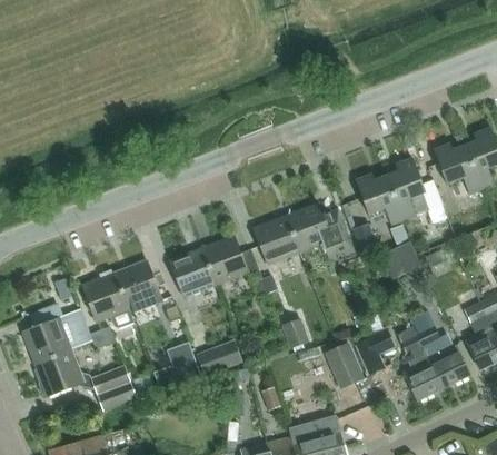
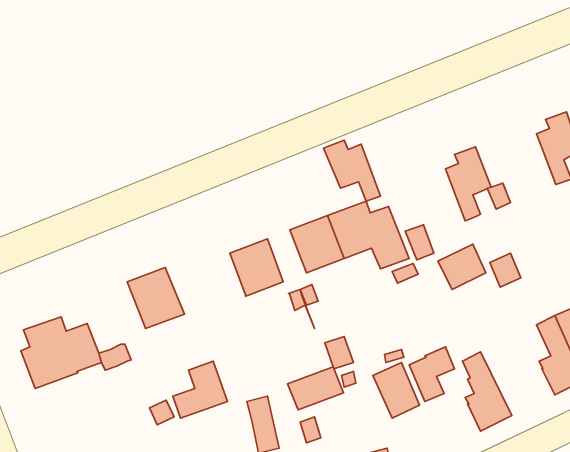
building: [433,142,481,195] -> none
building: [355,172,404,225] -> [323,140,381,201]
building: [170,248,216,297] -> none
building: [82,273,135,329] -> none
building: [417,325,470,387] -> none
building: [196,339,243,376] -> [288,367,344,410]
building: [36,350,137,411] -> none

